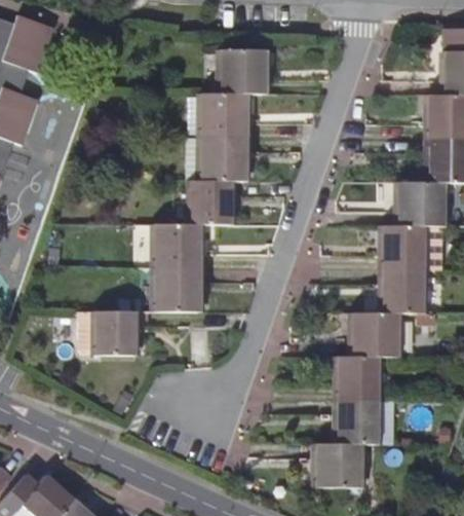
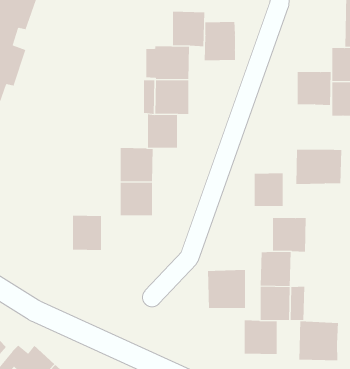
building: none -> [204,21,235,61]
building: [397,183,441,226] -> [297,72,332,105]
building: [381,269,419,312] -> [254,173,284,207]
building: none -> [208,269,245,309]
building: none -> [299,321,339,361]

